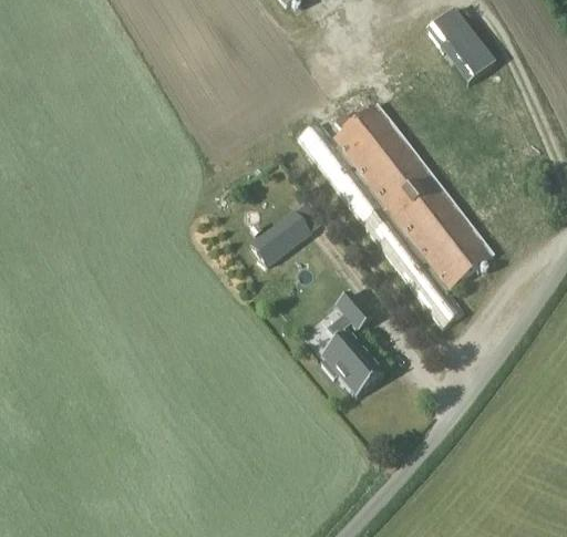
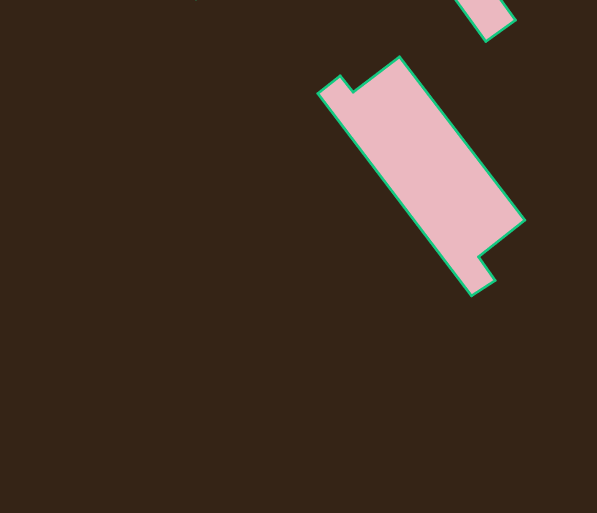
building: [250,208,310,261] -> none
building: [320,285,383,391] -> none

